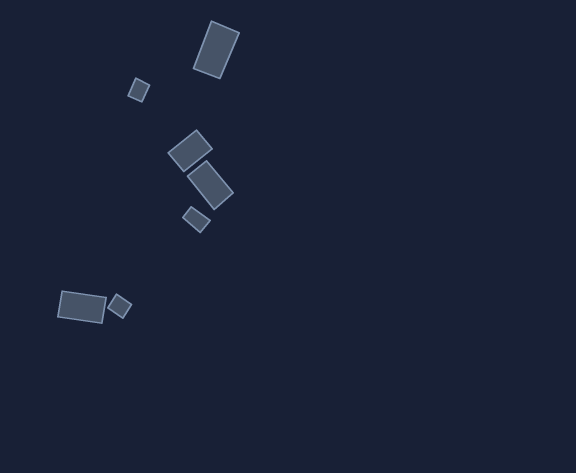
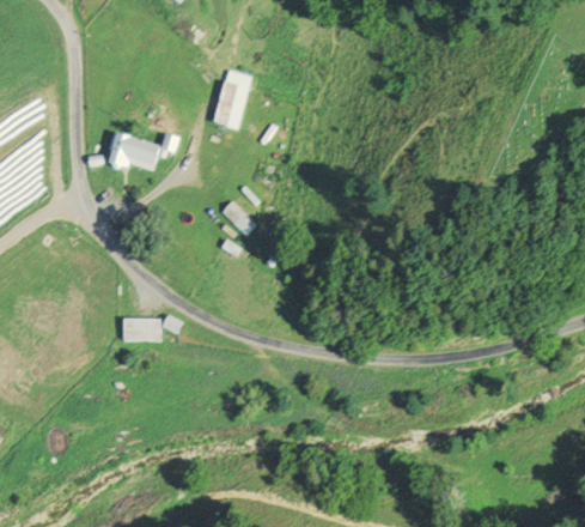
building: none -> [109,133,160,169]
building: [168,130,212,172] -> none

